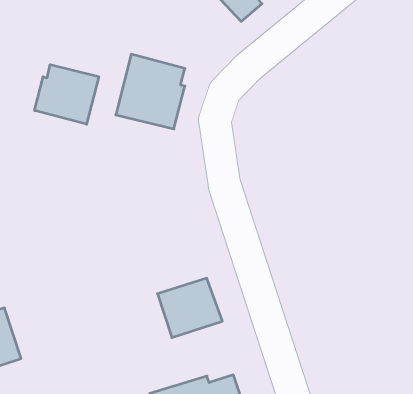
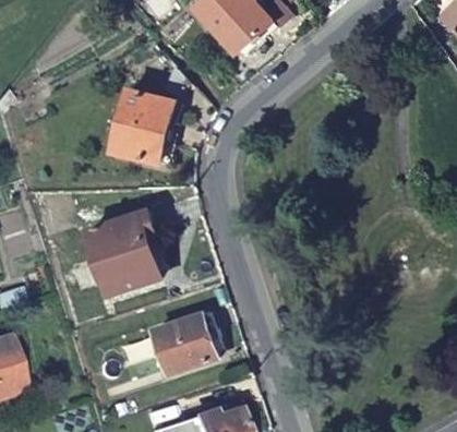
building: [35,65,99,124] -> none
building: none -> [92,208,167,289]

